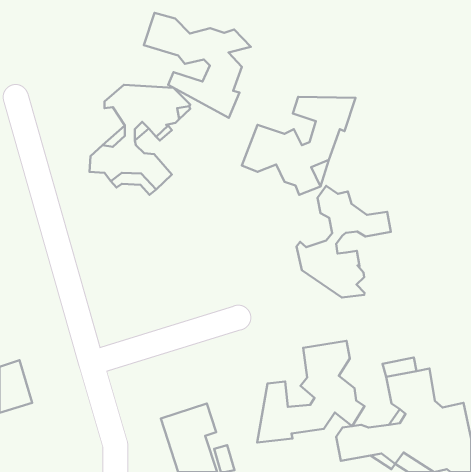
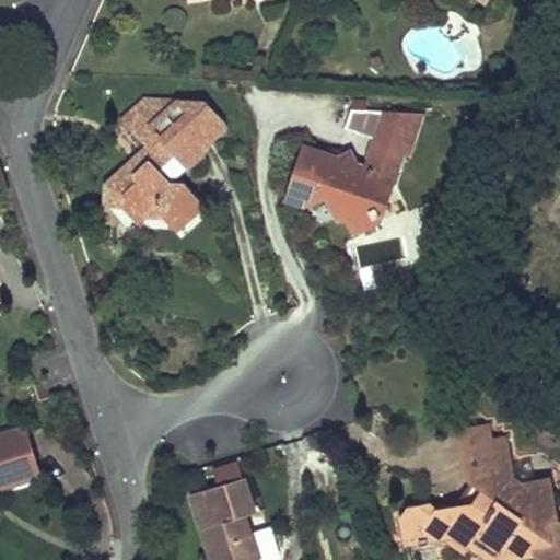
building: [144,13,251,118] -> none
building: [297,186,391,297] -> none
building: [257,341,365,442] -> none

